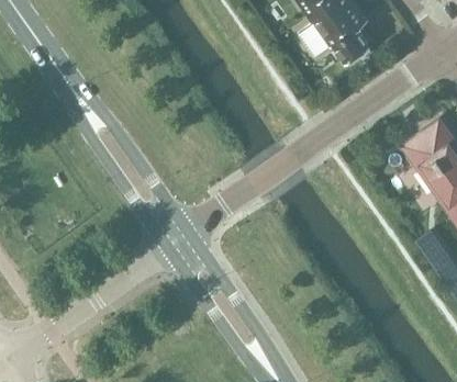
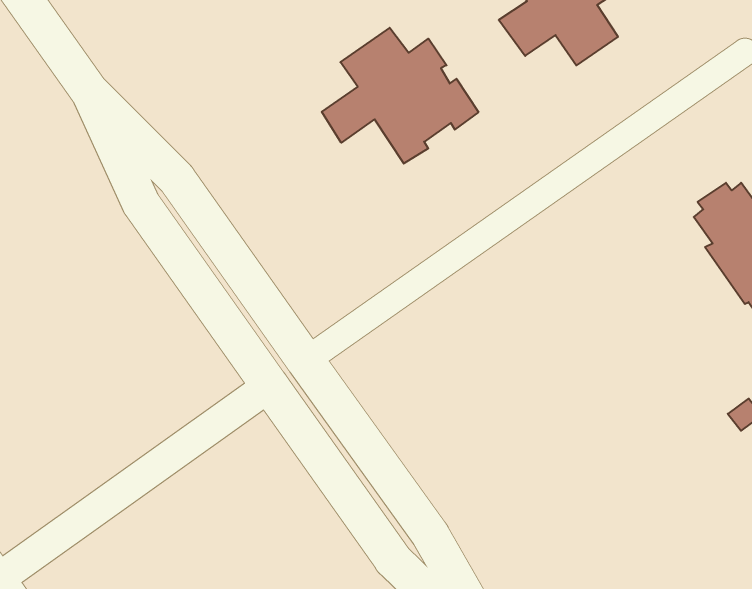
building: none -> [322,28,478,164]

